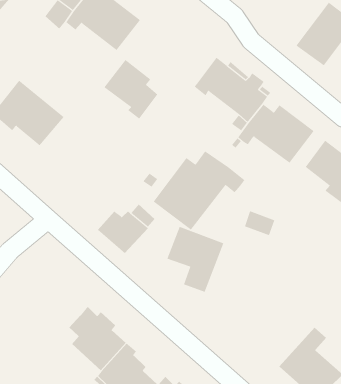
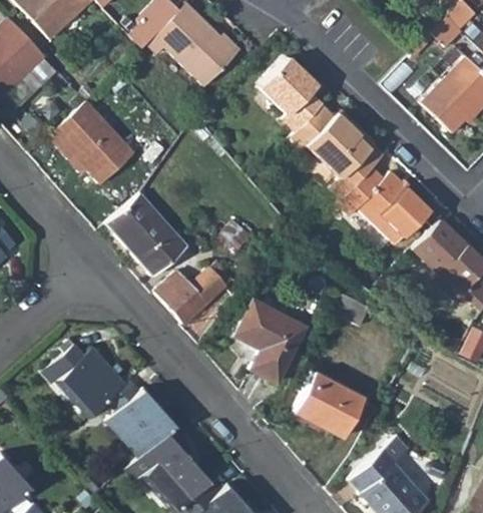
building: [103,59,158,119] -> [260,56,324,130]
building: [153,151,245,231] -> none
building: none -> [107,194,187,276]
building: none -> [296,373,363,438]
building: none -> [46,350,123,424]

